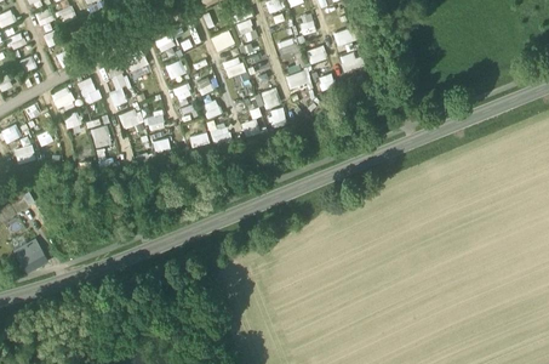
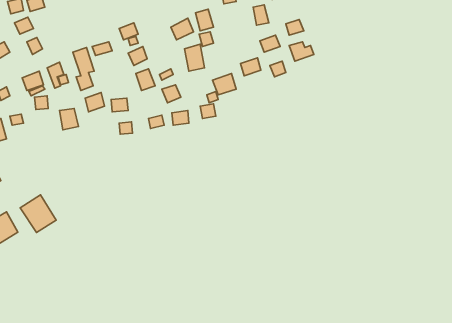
building: none -> [20,195,56,232]

